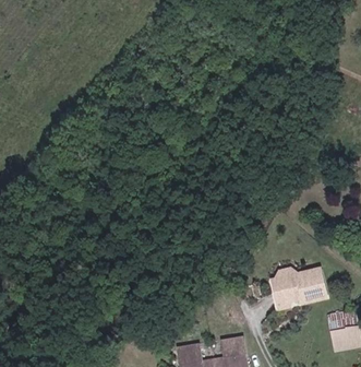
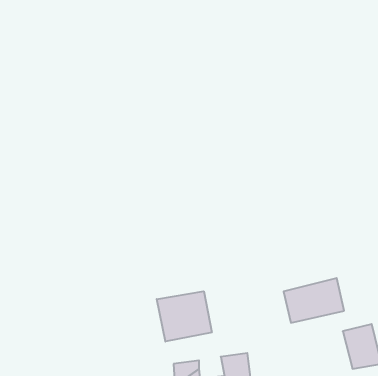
building: none -> [157,291,212,342]

